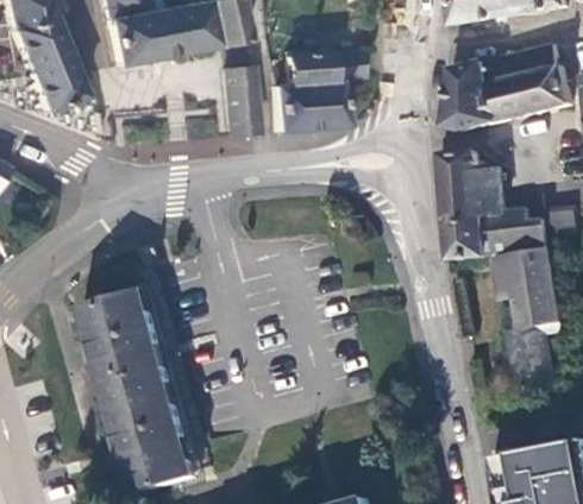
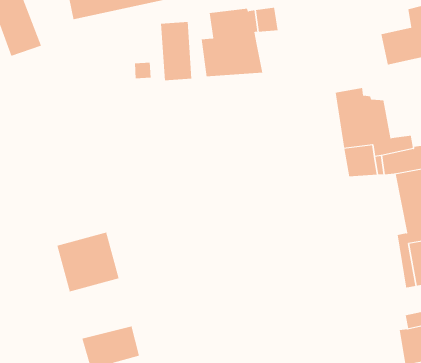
building: [445,51,528,130] -> none
building: [83,289,156,341] -> none
building: [109,382,187,455] -> none

